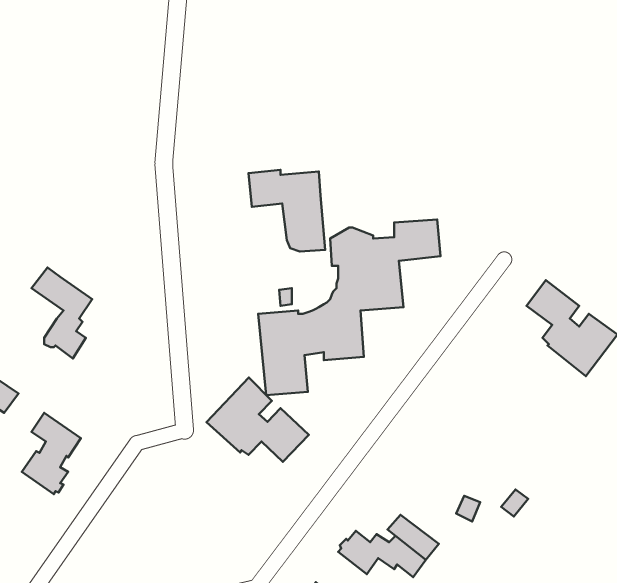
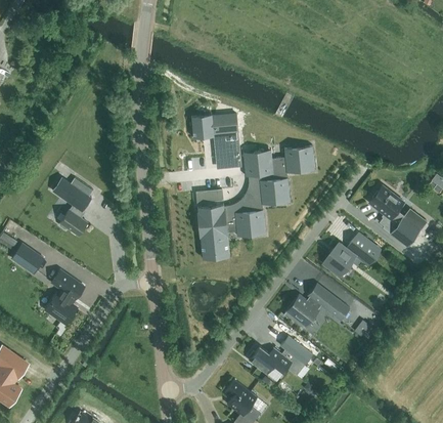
building: none -> [323,234,380,274]
building: [207,377,309,462] -> none
building: none -> [283,283,350,326]

